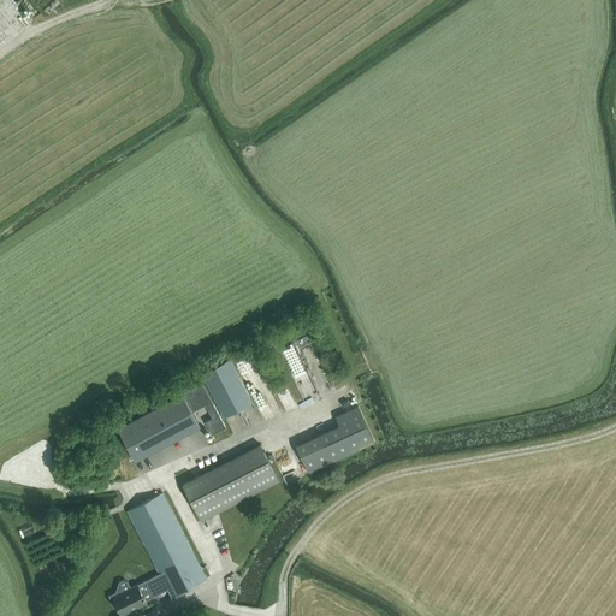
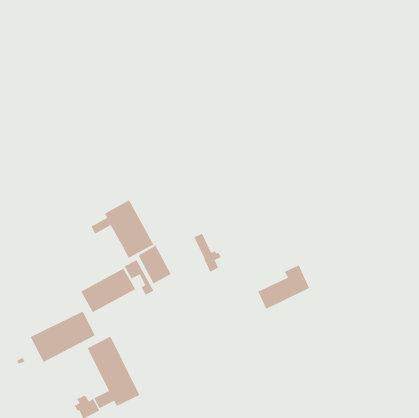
building: none -> [91,199,154,259]
building: [297,408,374,474] -> [258,264,310,310]
building: [183,446,279,522] -> [30,311,96,362]

